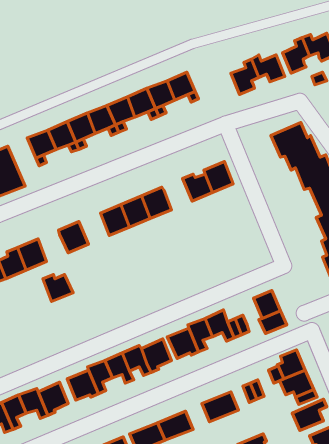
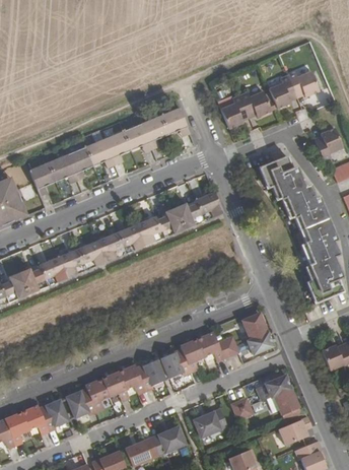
building: none -> [157,207,184,237]
building: none -> [77,240,106,269]
building: [43,275,73,301] -> [39,260,67,285]

